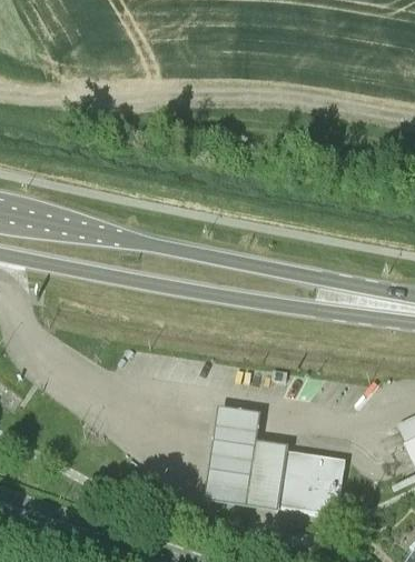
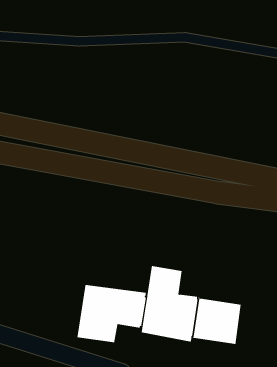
building: none -> [77,284,146,343]

